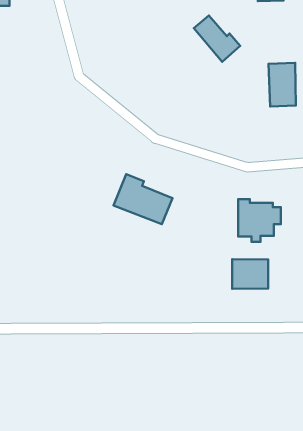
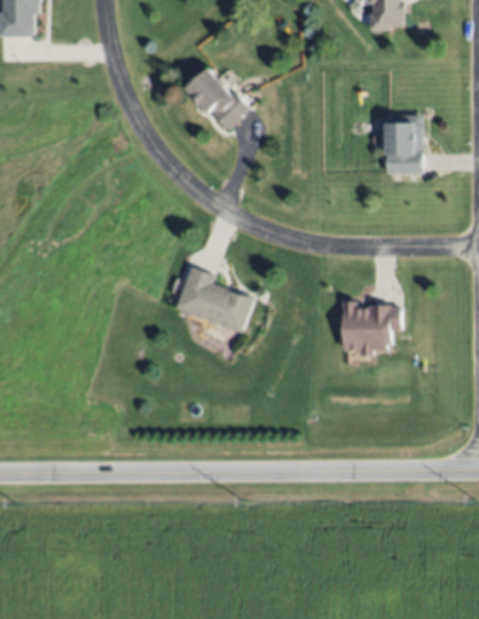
building: [194,16,240,62] -> [185,68,248,131]
building: [232,259,268,289] -> none

